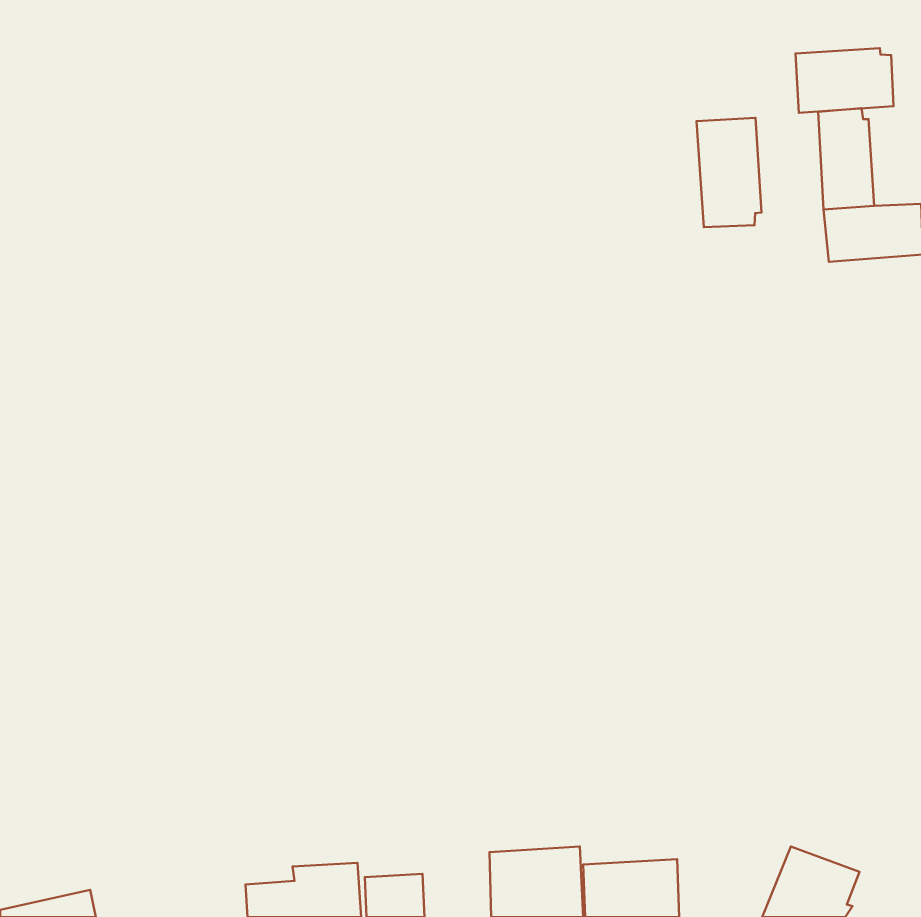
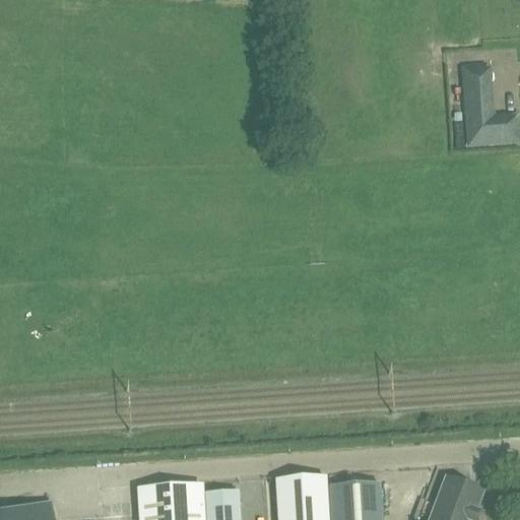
building: [795,48,894,113] -> none
building: [696,118,762,227] -> none

